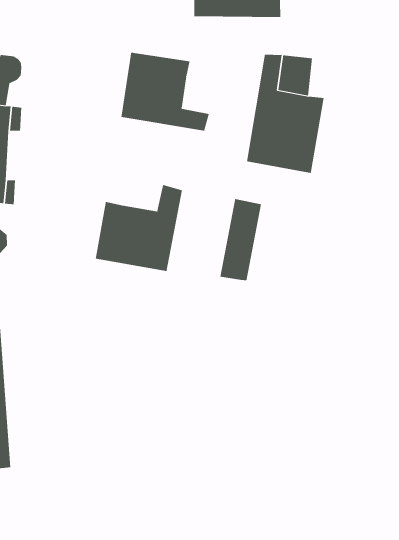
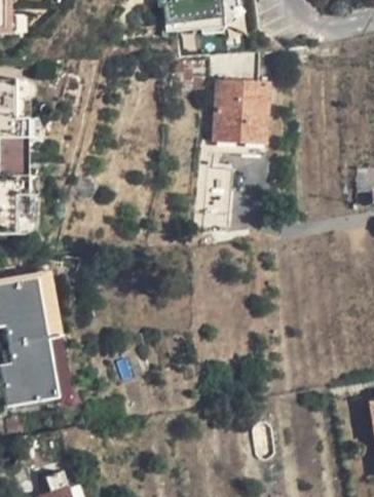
building: [121,52,210,131] -> none
building: [95,184,182,272] -> none

